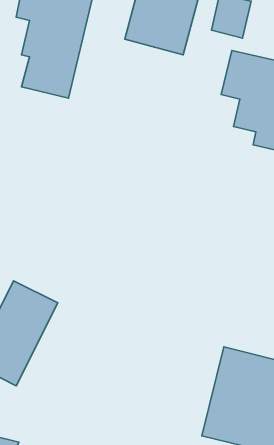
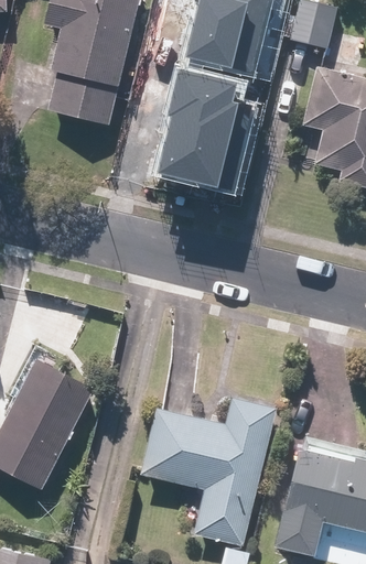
building: none -> [154,75,245,195]
building: none -> [141,397,276,551]

